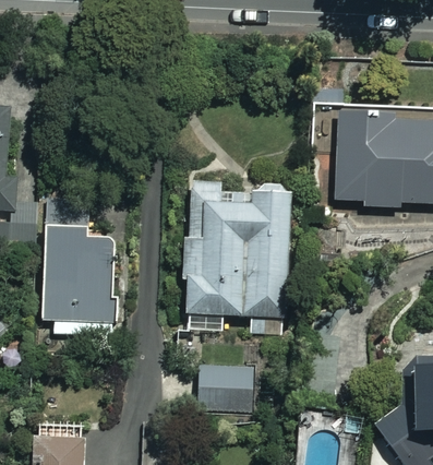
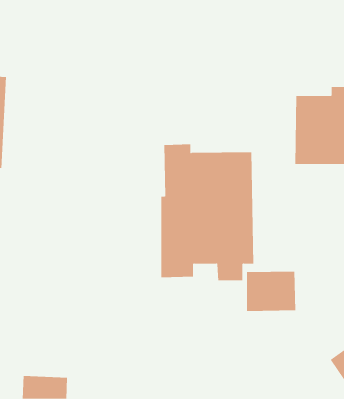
building: [43,222,118,321] -> none
building: [200,366,255,410] -> [246,271,296,311]

